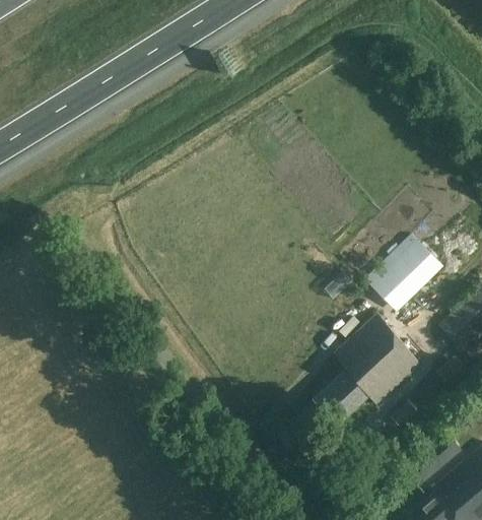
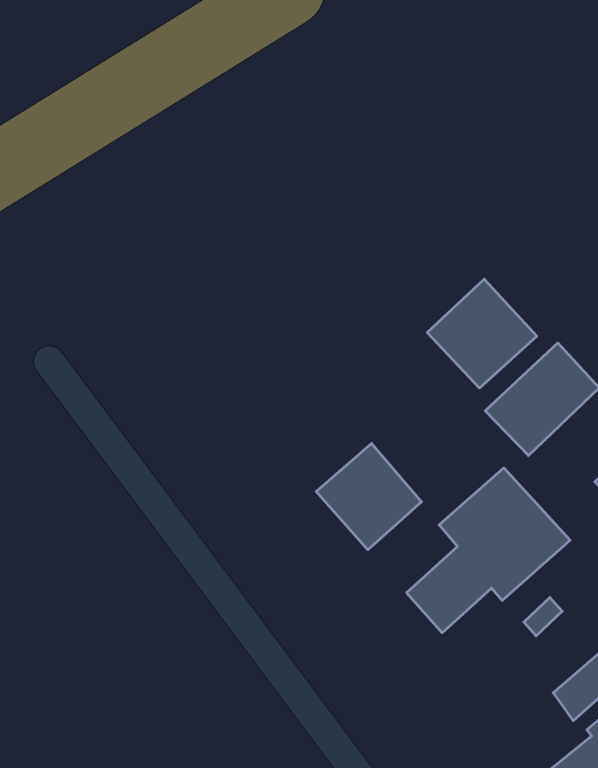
building: none -> [427,279,537,388]
building: none -> [316,443,422,550]

